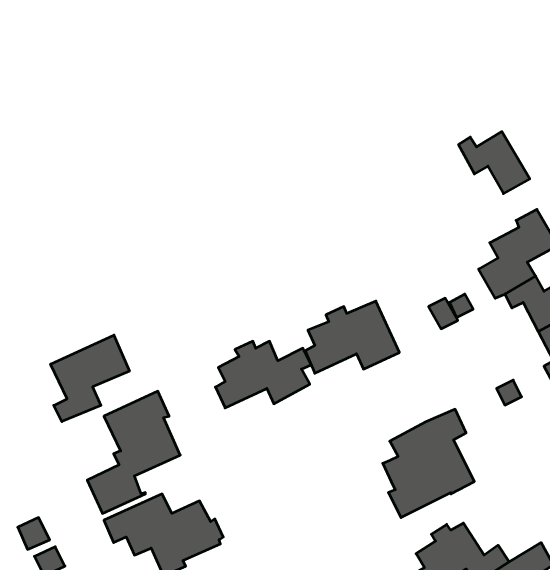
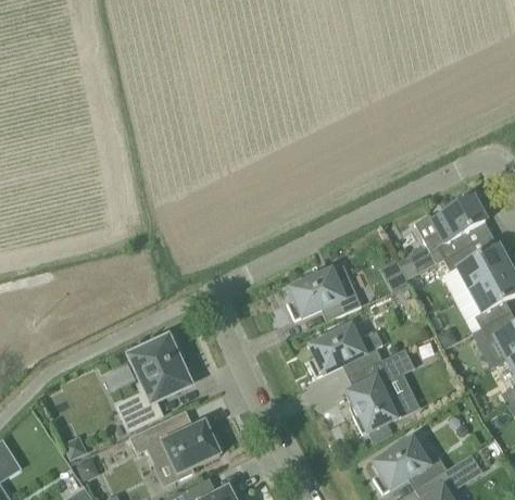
building: [459,132,530,194] -> none
building: [51,335,129,422] -> none
building: [215,341,311,408] -> [307,325,382,377]

